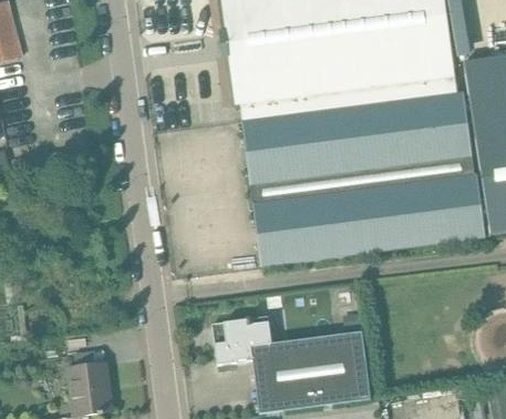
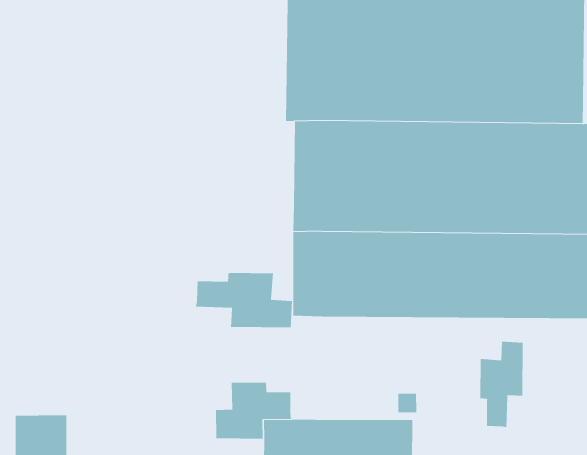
building: none -> [195,272,293,328]
building: none -> [480,341,523,428]

